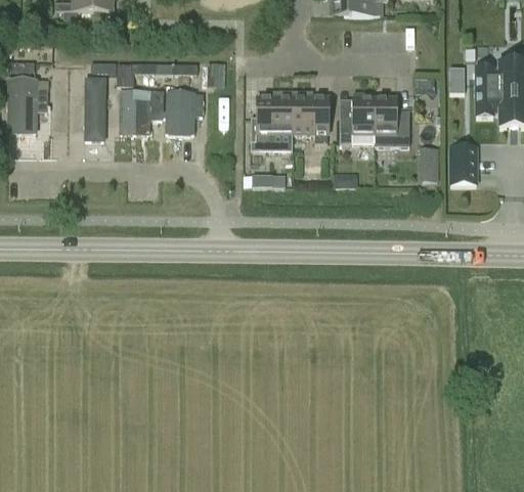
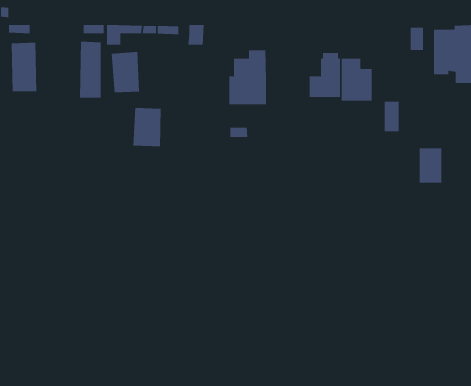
building: [292,88,328,141] -> none
building: [169,91,201,134] -> [133,107,162,147]
building: [449,144,475,183] -> [419,148,442,183]

